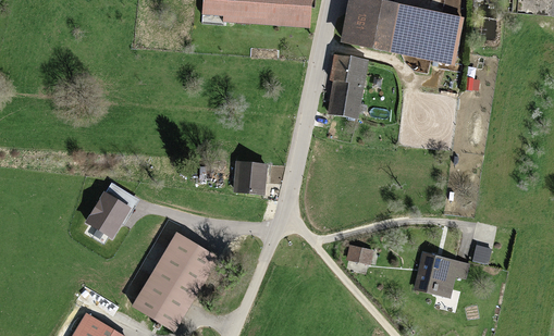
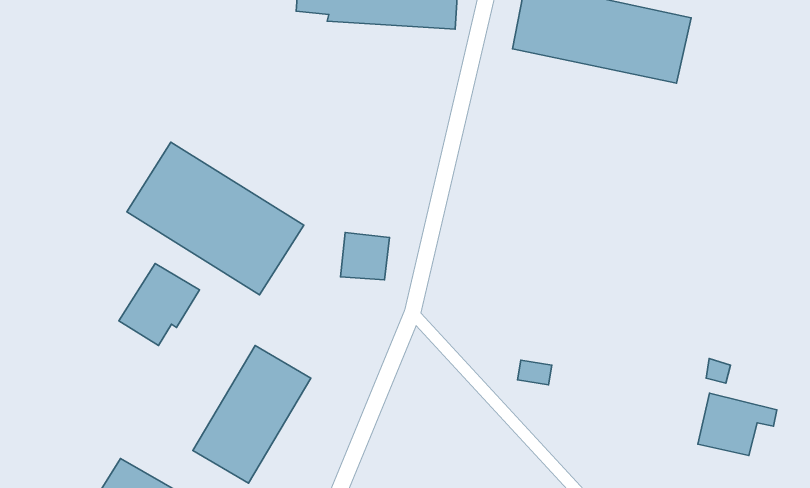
building: [327,54,365,116] -> none
building: none -> [127,142,304,295]
building: [417,251,469,293] -> [698,393,777,456]

